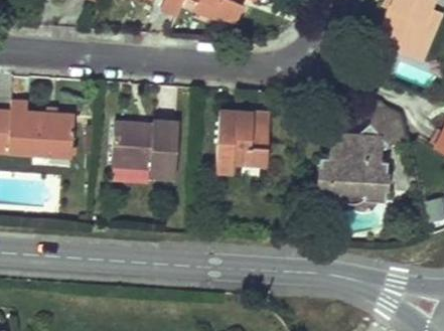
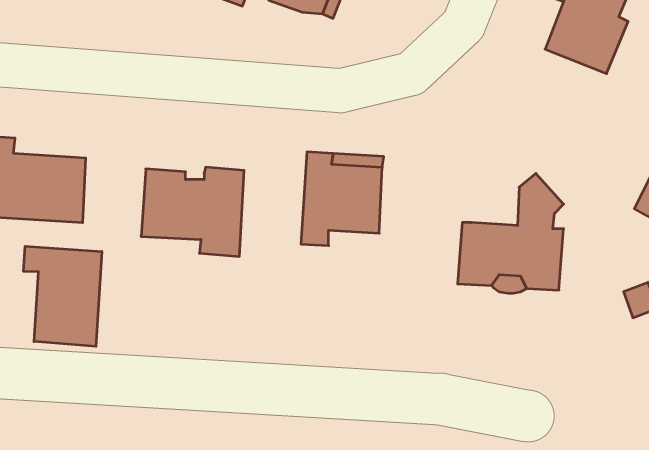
building: [369,105,405,145] -> none
building: [327,132,358,159] -> none
building: none -> [24,246,102,346]

